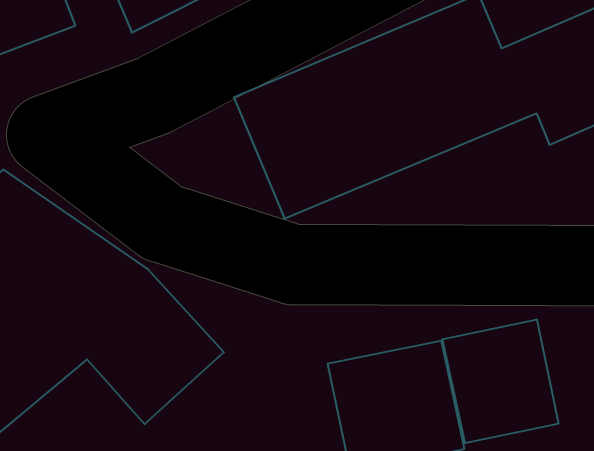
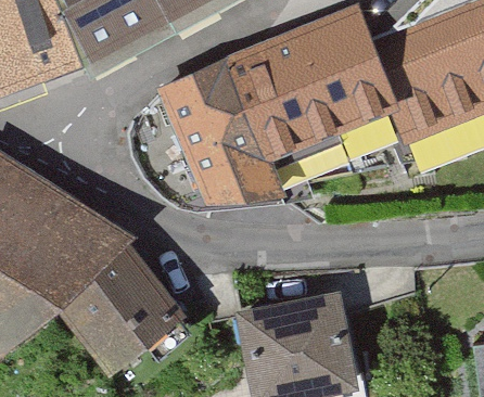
building: [443,319,558,443] -> none

